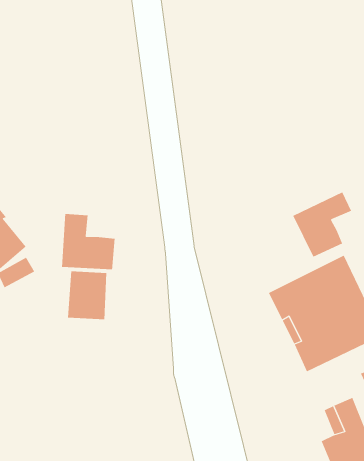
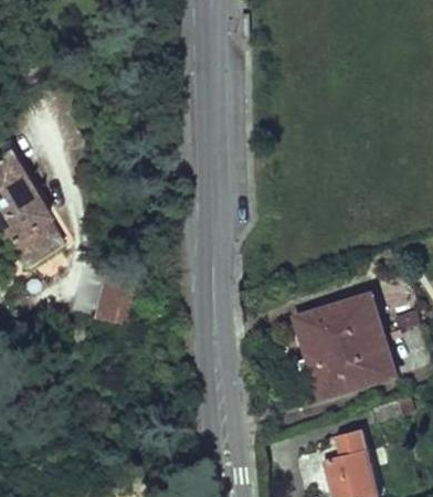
building: [293,191,352,258] -> none
building: [62,213,115,270] -> none

